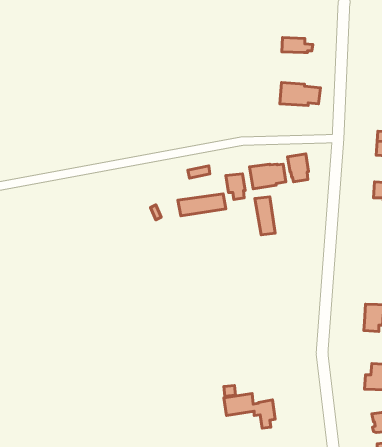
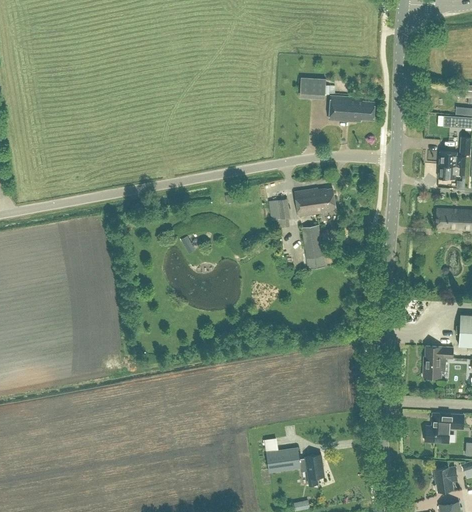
building: [282,38,313,53] -> [300,78,335,95]
building: [287,154,308,182] -> none
building: [178,194,226,216] -> none

